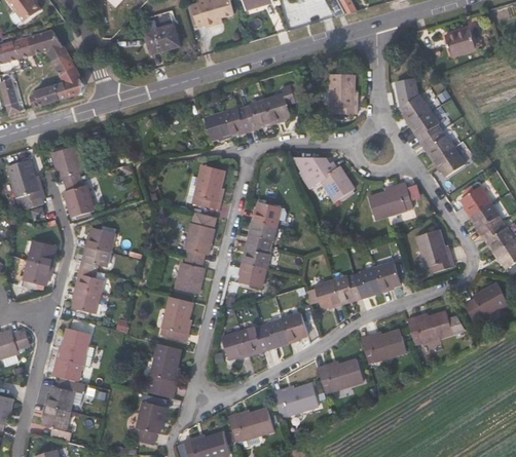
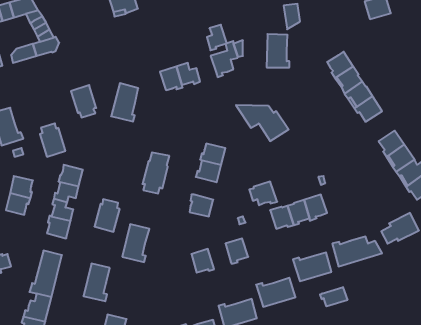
building: [395,78,414,108] -> [284,4,300,29]
building: [248,100,271,129] -> [207,25,227,50]
building: [52,146,82,184] -> [71,85,96,117]
building: [192,164,224,210] -> [111,83,138,122]
building: [369,182,413,219] -> none
building: [417,229,453,274] -> none
building: [245,241,271,268] -> none
building: [175,257,205,295] -> [94,199,120,232]
building: [309,280,342,308] -> [249,182,277,205]
building: [261,319,288,349] -> none
building: [222,332,249,359] -> none
building: [149,344,180,388] -> [83,264,110,301]
building: none -> [320,287,347,306]

